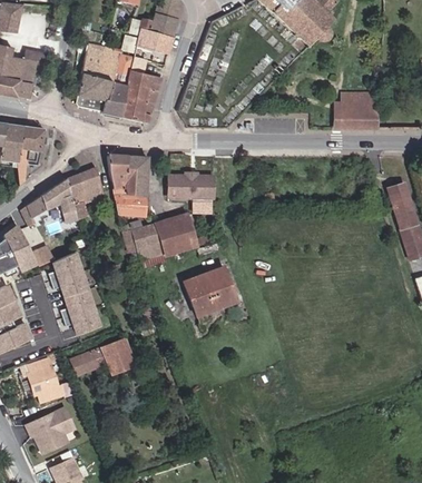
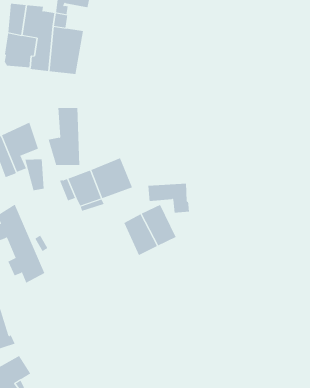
building: [343,91,380,128] -> none
building: [108,154,127,187] -> [24,159,44,191]
building: [169,180,210,211] -> [147,183,190,213]
building: [69,337,134,375] -> none

